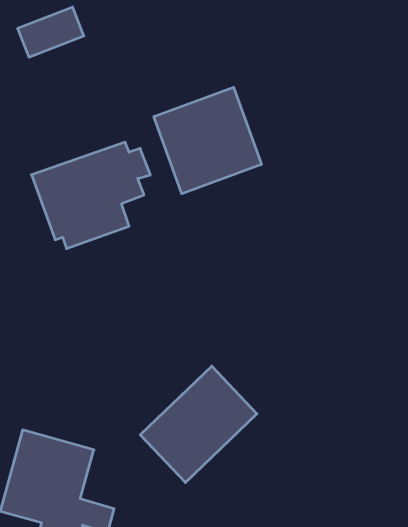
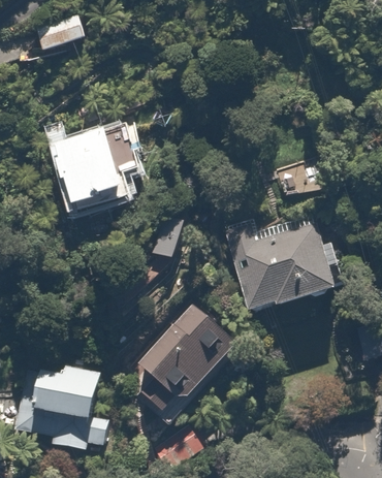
building: [154,87,261,194] -> none
building: none -> [229,219,343,309]

